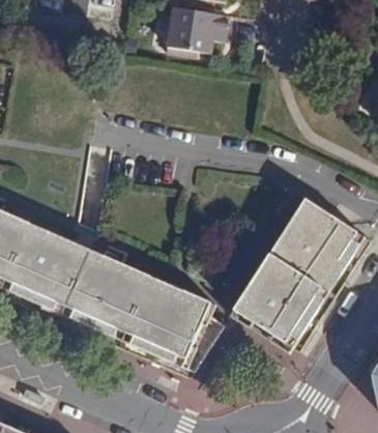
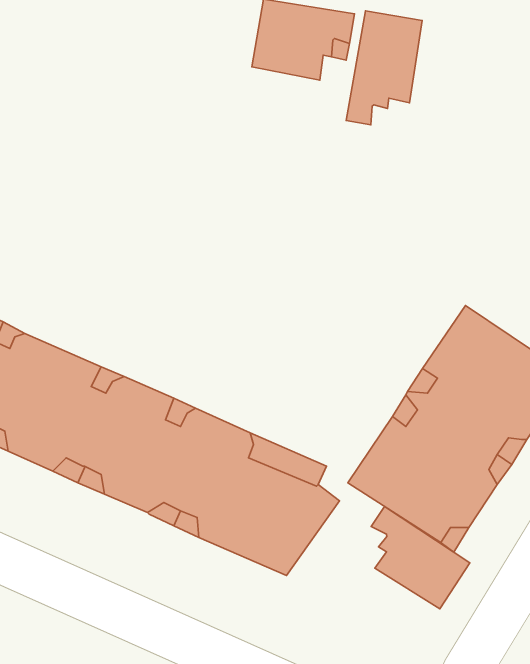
building: none -> [346,11,422,125]
building: none -> [371,506,470,609]

